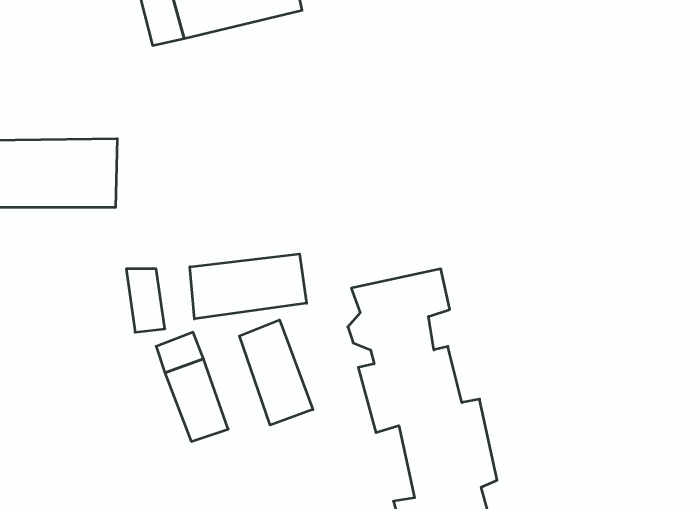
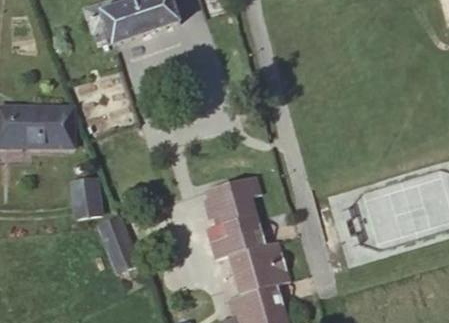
building: [190,254,307,319] -> none
building: [239,320,313,425] -> none

